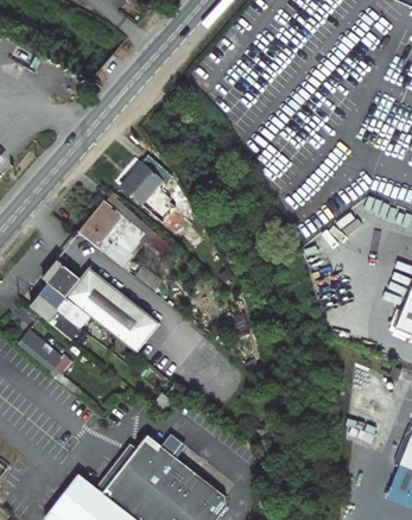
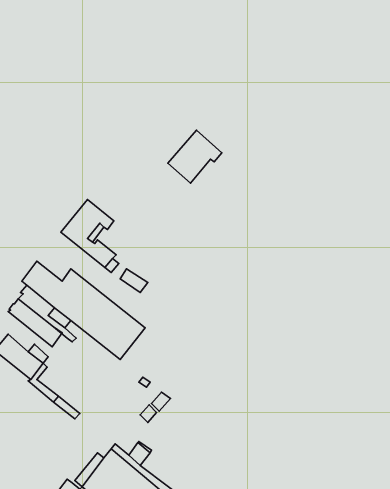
building: [121,153,172,203] -> [168,130,222,183]

